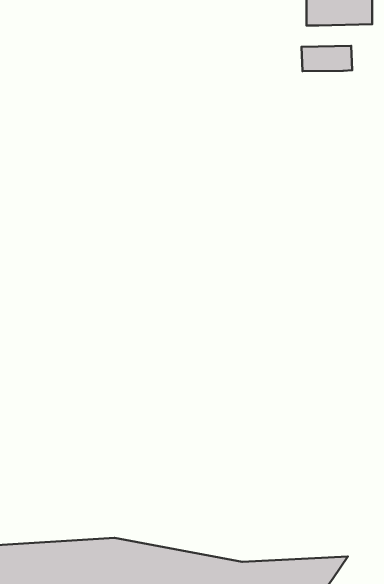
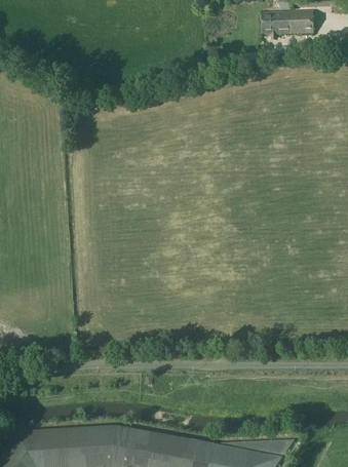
building: [302,46,352,71] -> none

